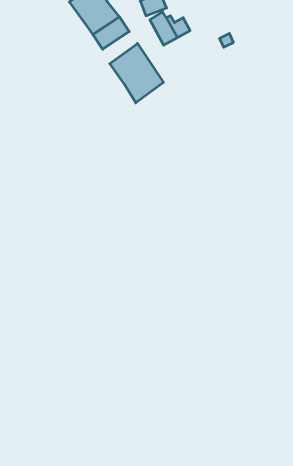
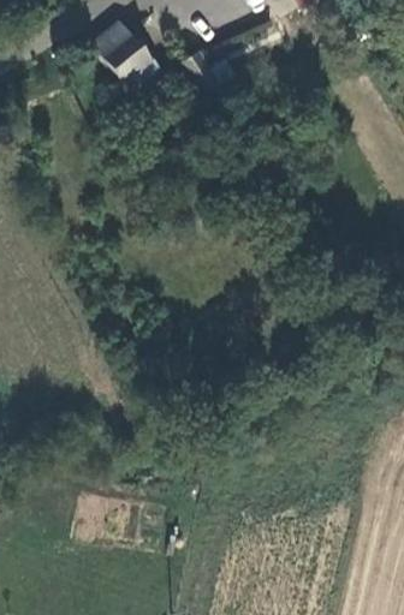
building: [110,43,163,103] -> none

